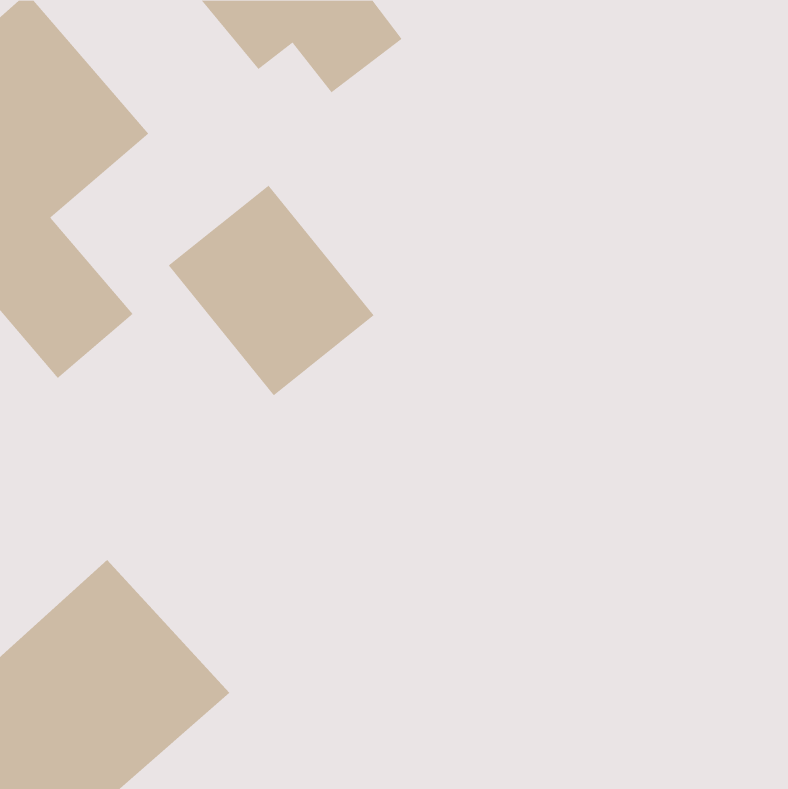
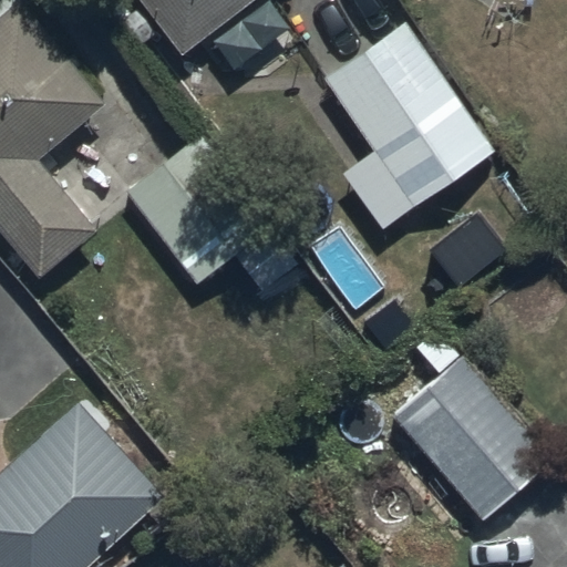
building: none -> [319,22,493,233]
building: none -> [396,355,557,520]

